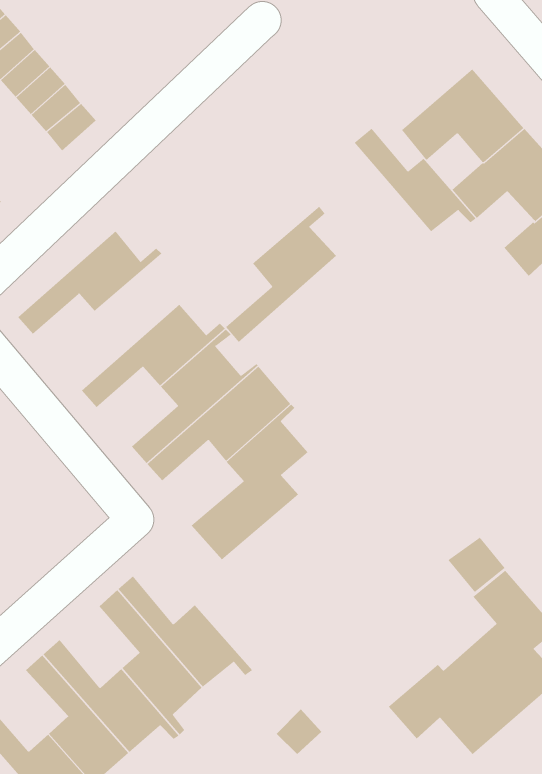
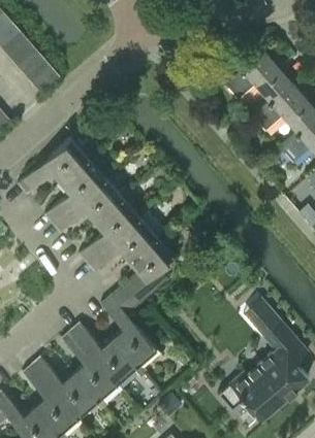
building: [354,128,476,232] -> none
building: [225,206,337,343] -> [45,150,105,224]
building: none -> [102,296,157,373]

